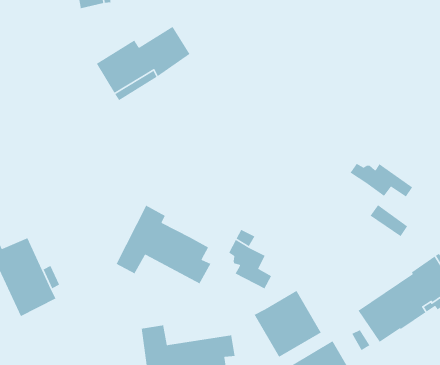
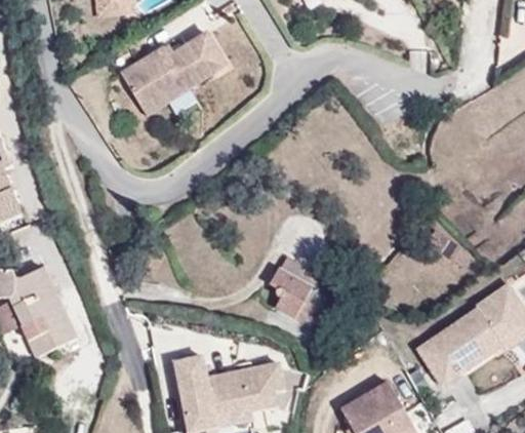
building: [349,163,413,197] -> none
building: [115,205,211,285] -> none
building: [254,290,322,358] -> none

